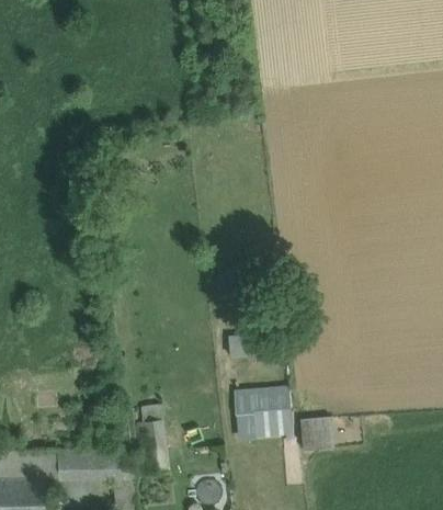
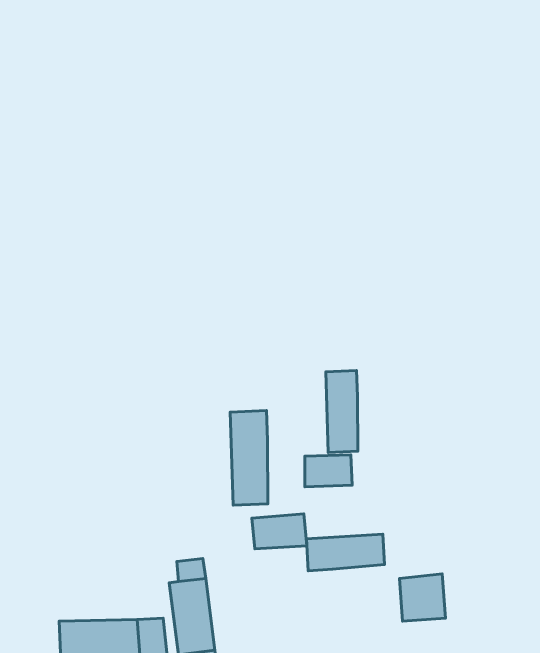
building: none -> [326,371,358,453]
building: none -> [230,410,268,505]
building: [251,410,291,435] -> [252,514,307,549]

